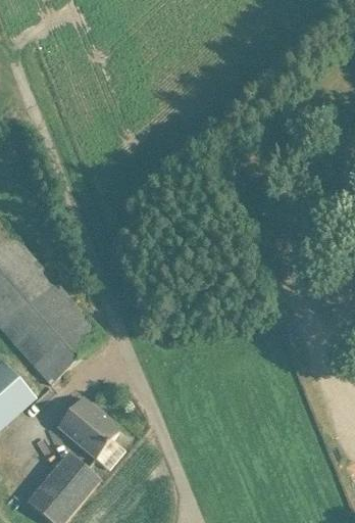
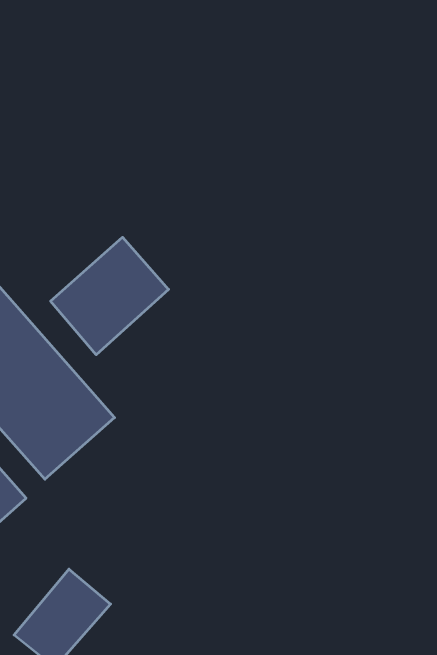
building: none -> [51,237,169,355]
building: [57,395,118,458] -> none

